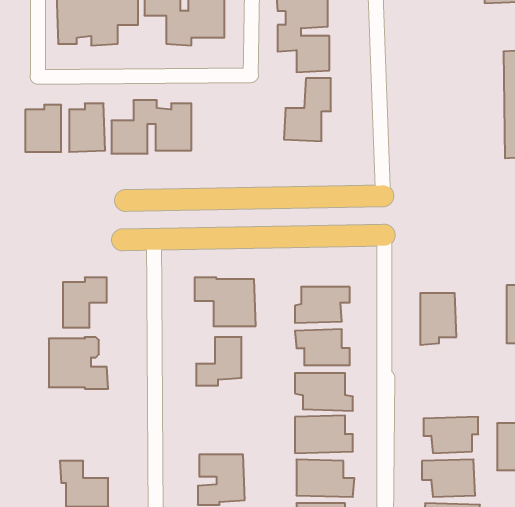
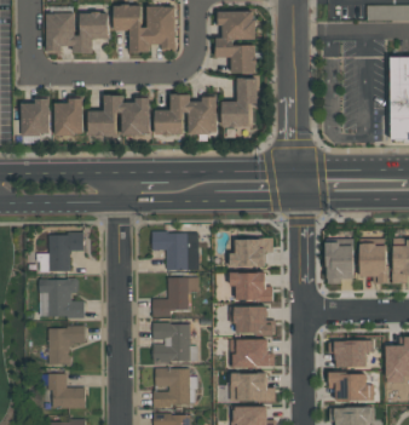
building: none -> [155,93,218,134]
building: none -> [359,243,388,283]
building: none -> [154,322,191,363]
building: none -> [50,325,86,364]

